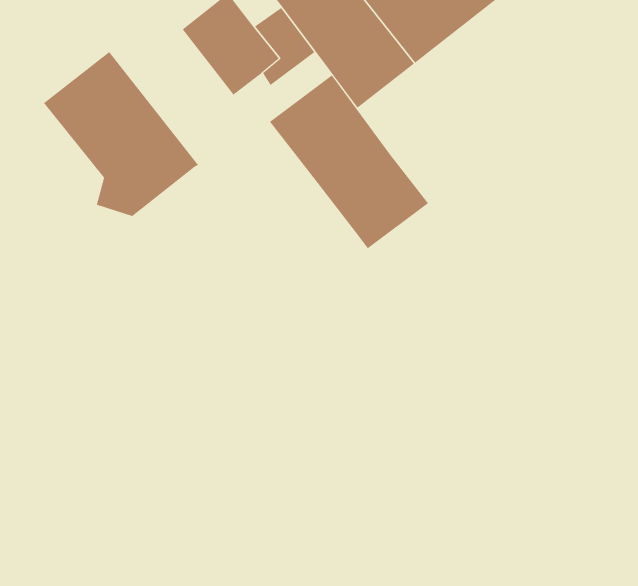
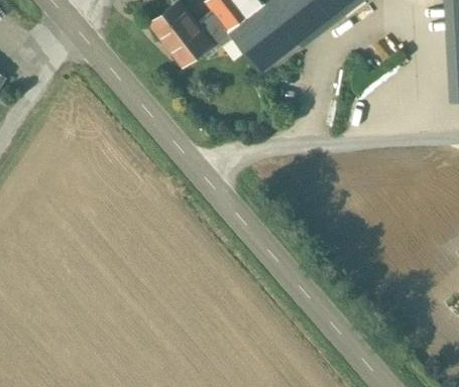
building: [43,51,199,217] -> none
building: [269,75,429,249] -> none

